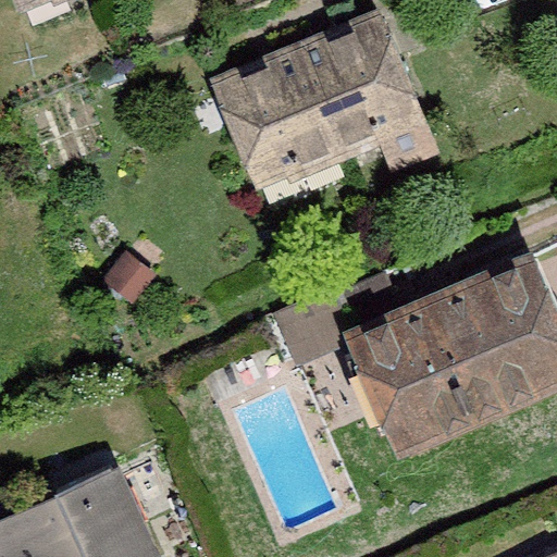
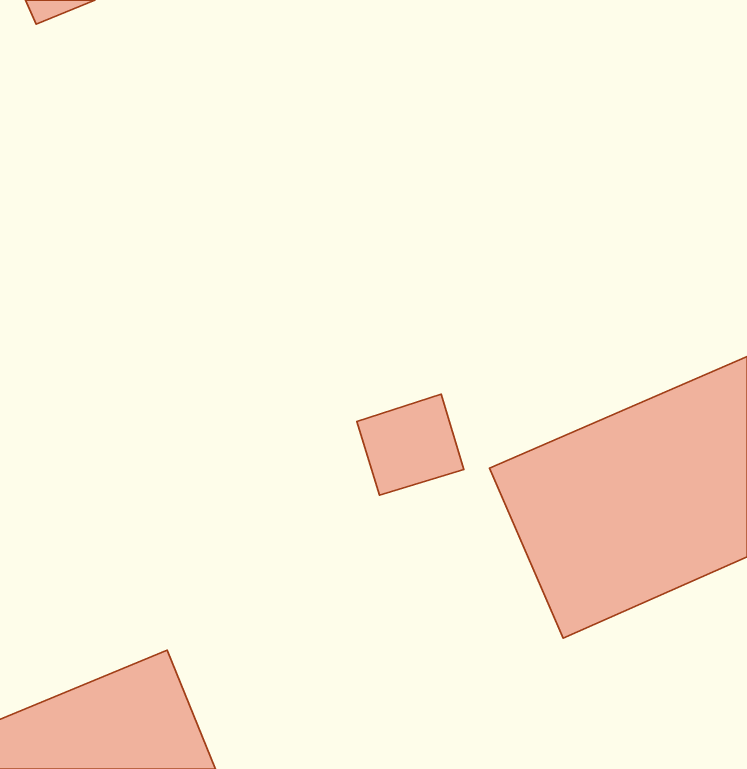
building: [214,18,424,191] -> none

